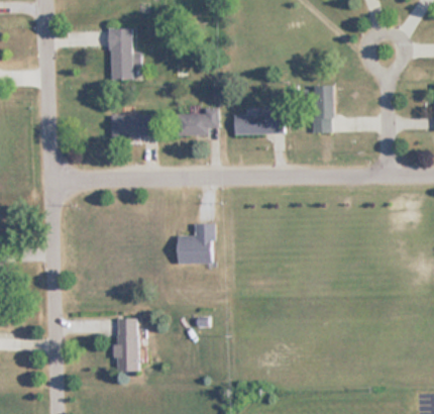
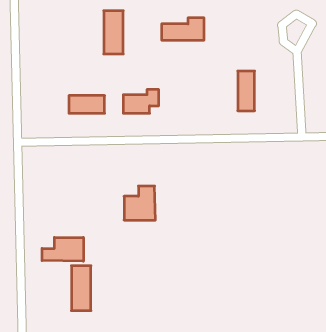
building: [111,28,134,80] -> [104,11,123,54]
building: [234,108,285,134] -> [162,18,204,40]
building: none -> [42,237,83,261]

